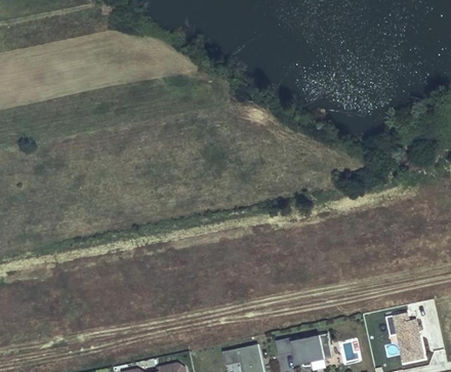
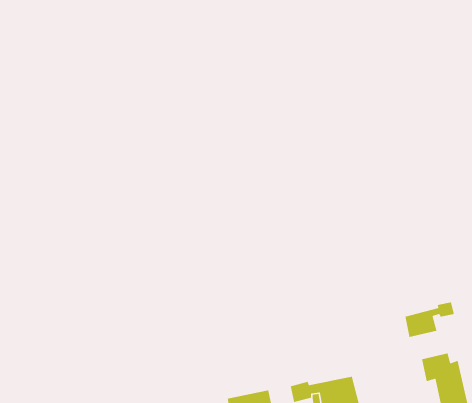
building: none -> [404,302,455,338]

